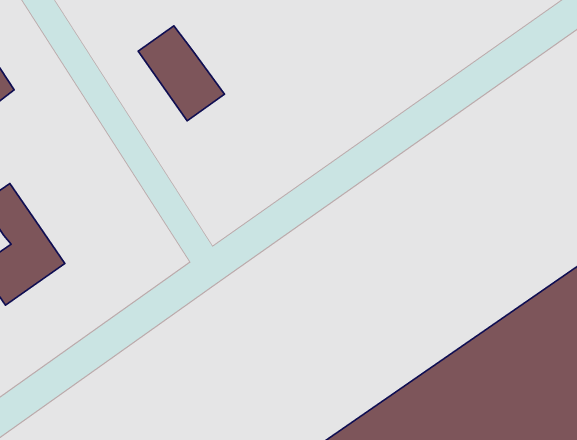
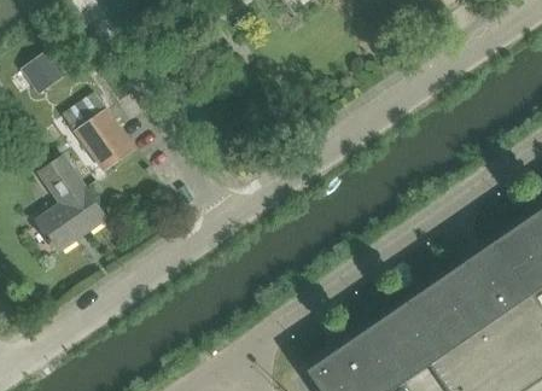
building: [138,26,224,121] -> [65,94,135,171]

